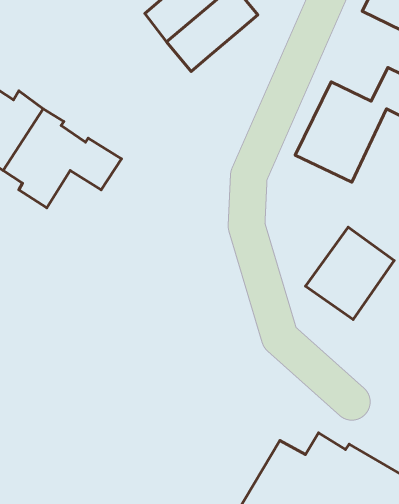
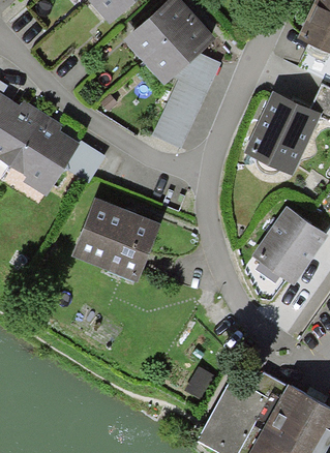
building: none -> [153,52,219,146]
building: none -> [73,200,159,281]

